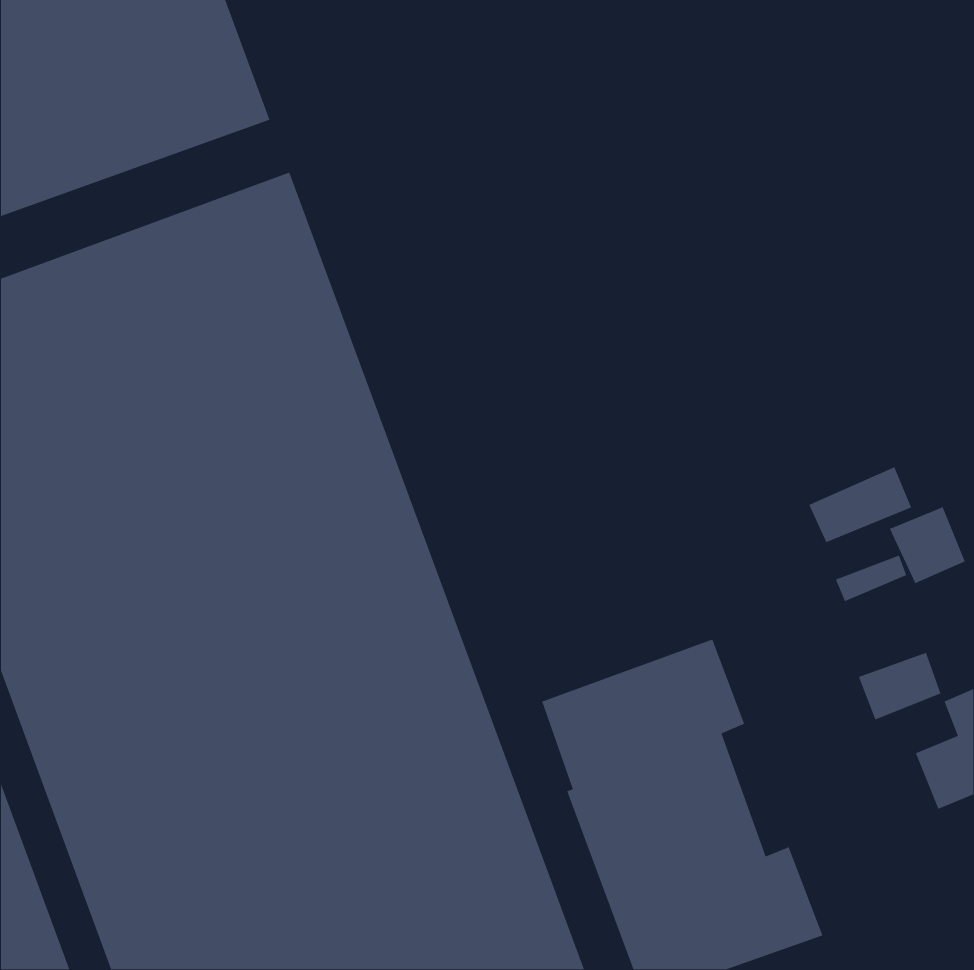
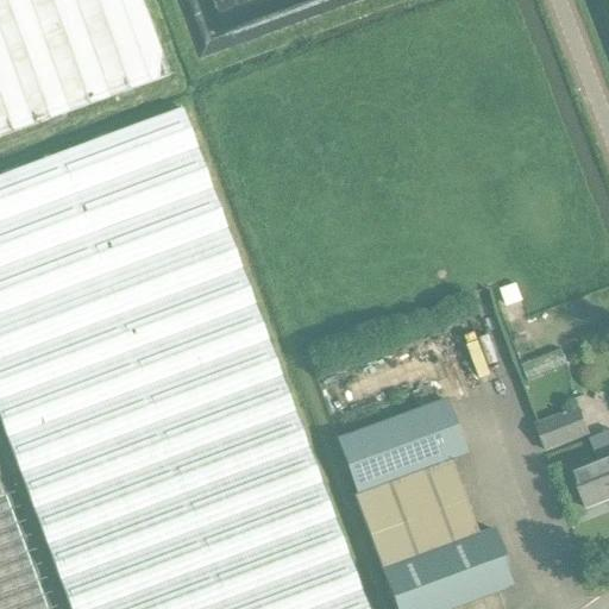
building: [808,466,912,543] -> none
building: [889,506,966,584] -> none

